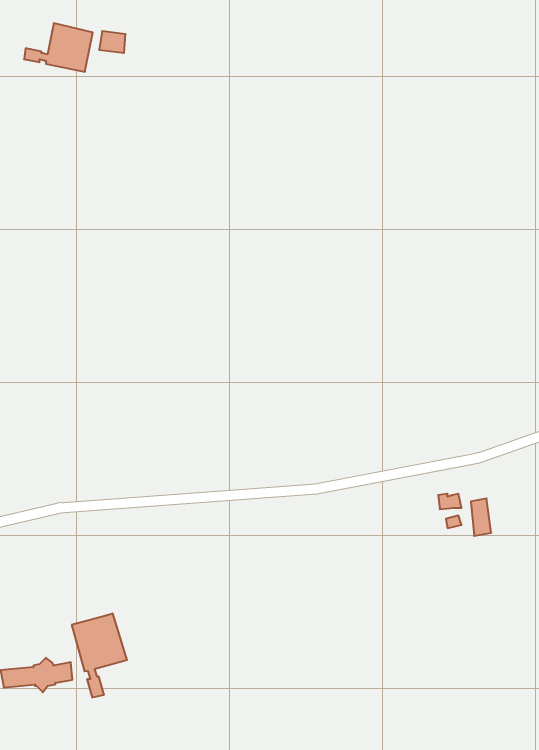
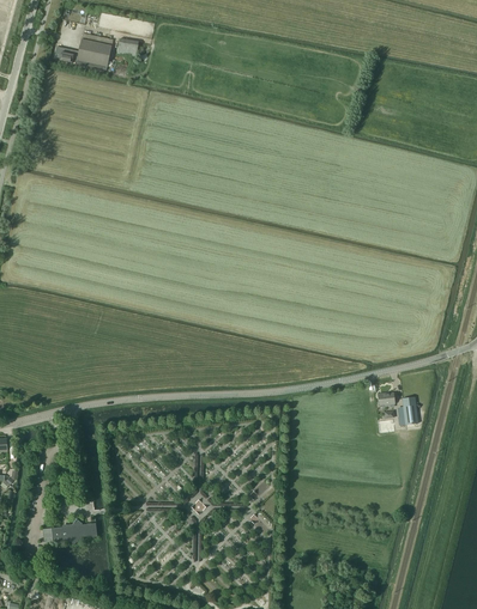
building: [72,613,127,698] -> none

